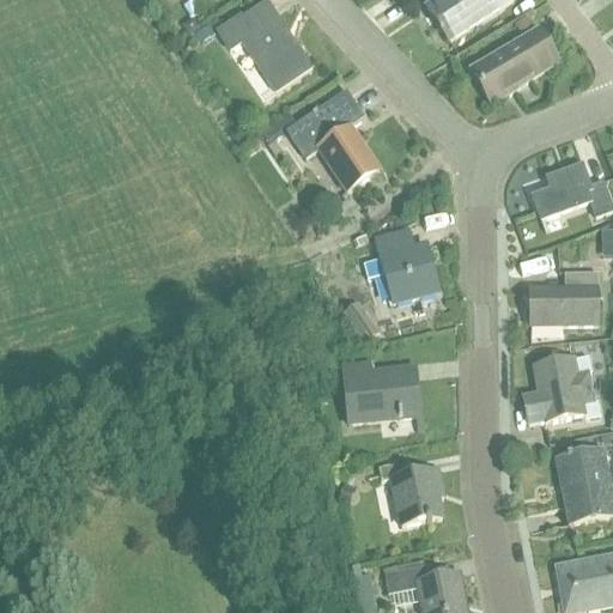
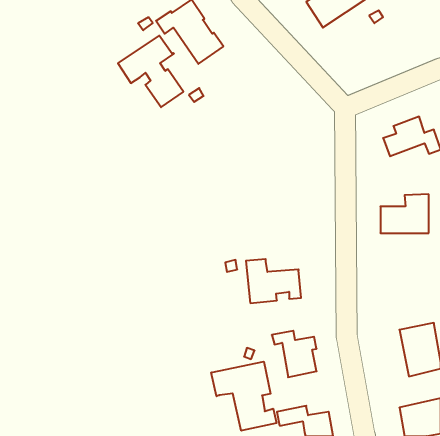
building: [472,26,559,99] -> none
building: [289,90,380,189] -> [118,36,183,107]
building: [364,230,438,299] -> none
building: [524,354,594,421] -> none
building: none -> [211,362,277,431]

